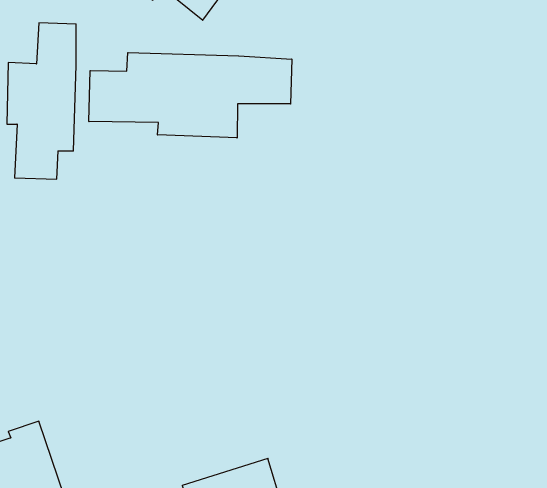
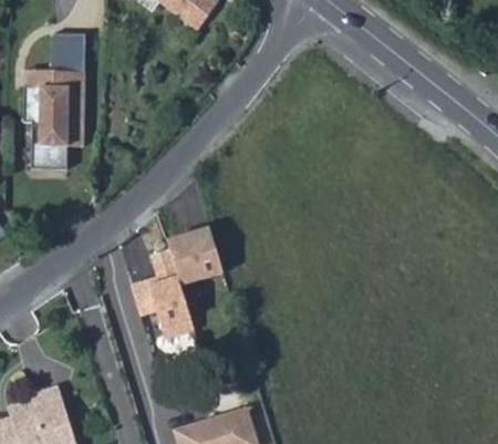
building: [89,53,292,138] -> none
building: none -> [135,226,229,340]

